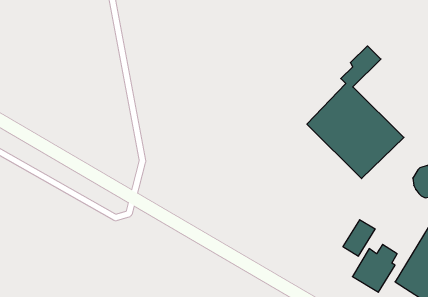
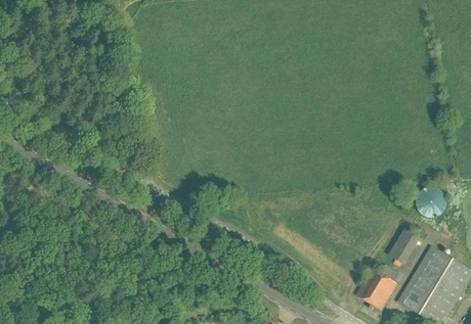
building: [307,46,404,179] -> none
building: [343,220,375,256] -> [387,229,419,265]

